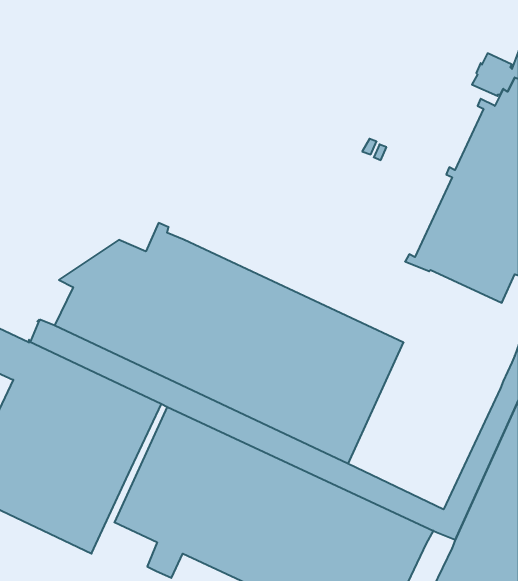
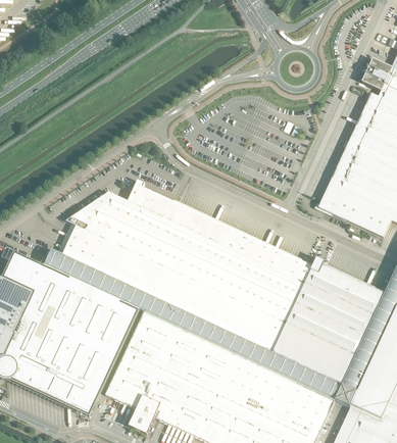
building: none -> [274,257,385,385]

